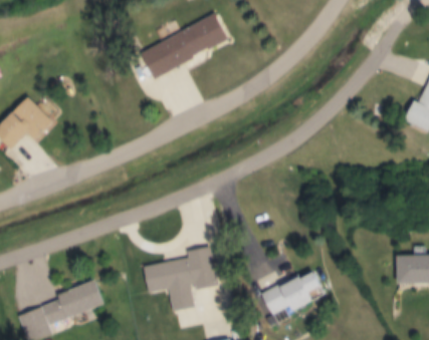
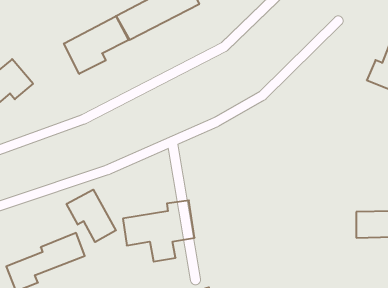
building: none -> [64,16,129,74]
building: none -> [67,190,116,242]
building: [264,271,326,316] -> none

